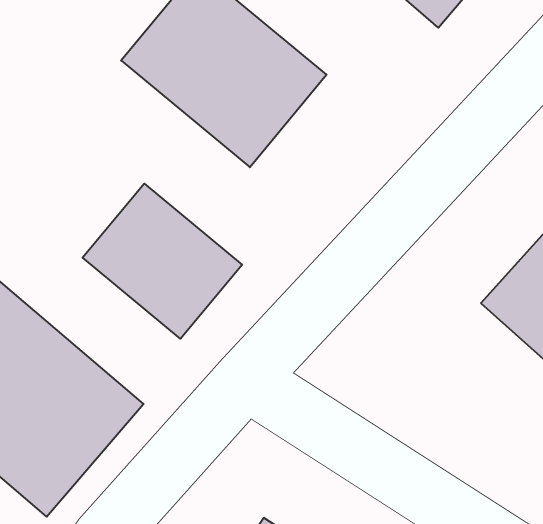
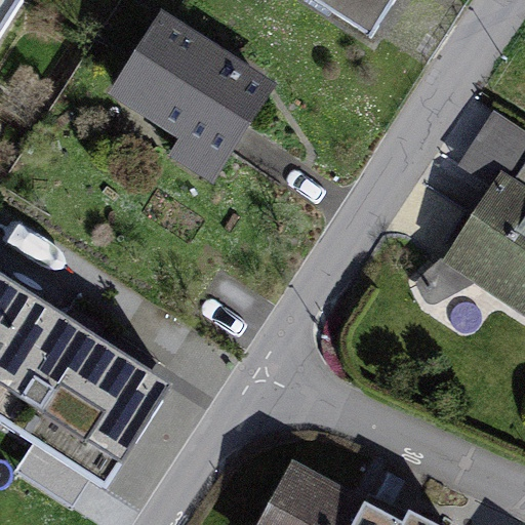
building: [83,184,242,339] -> none

